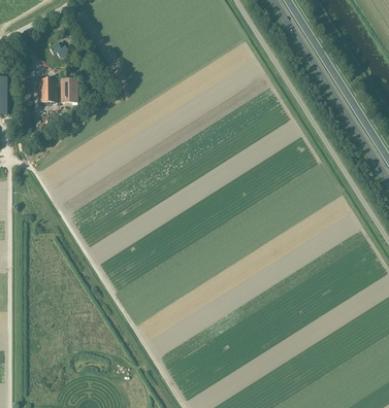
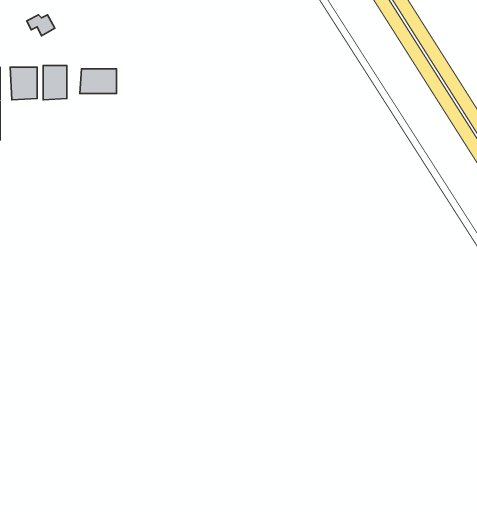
building: none -> [80,69,116,94]

